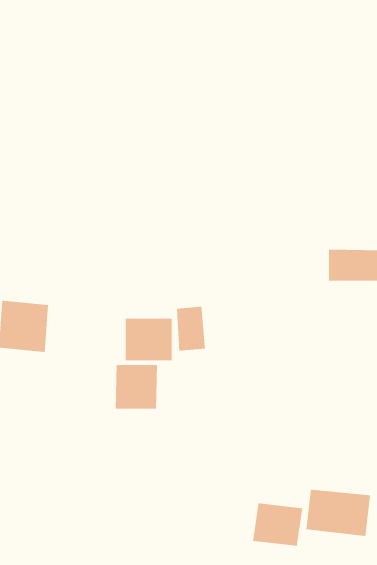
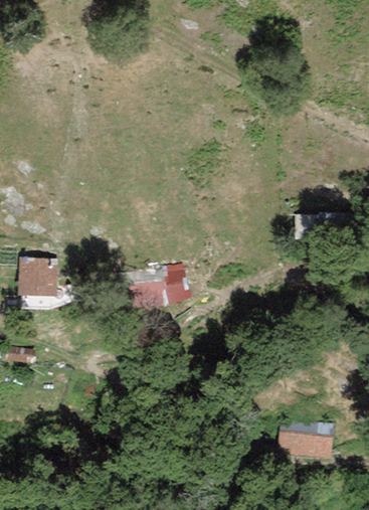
building: [115,364,157,410] -> none
building: [252,503,303,547] -> none

